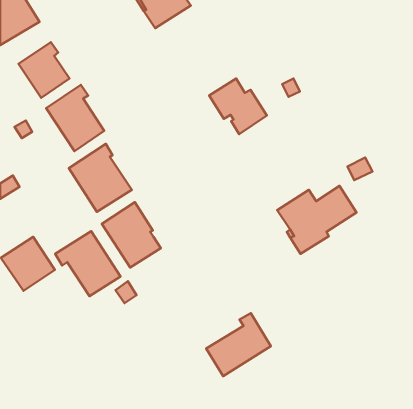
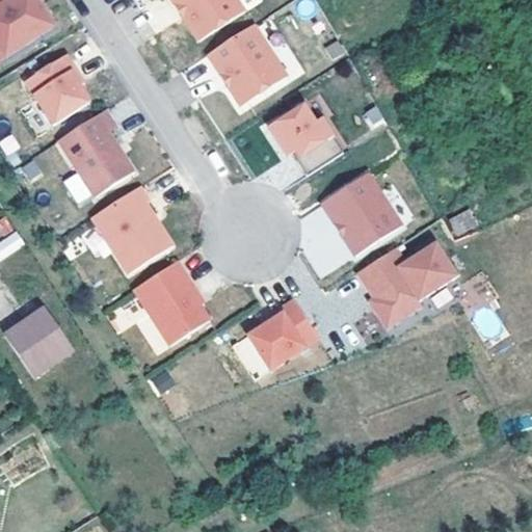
building: none -> [208,21,288,103]
building: none -> [322,175,399,255]
building: [55,231,121,296] -> none
building: [206,313,271,376] -> [236,298,319,379]

